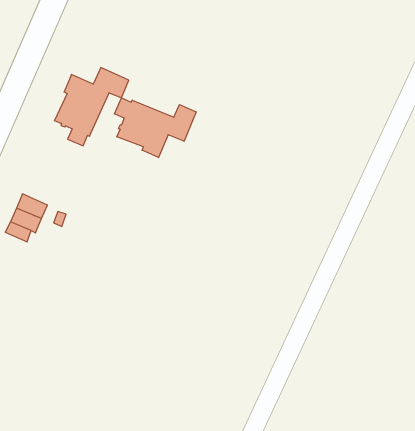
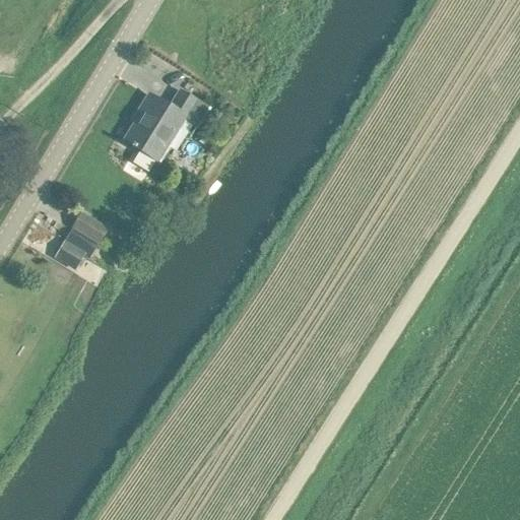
building: [114,98,196,158] -> none

